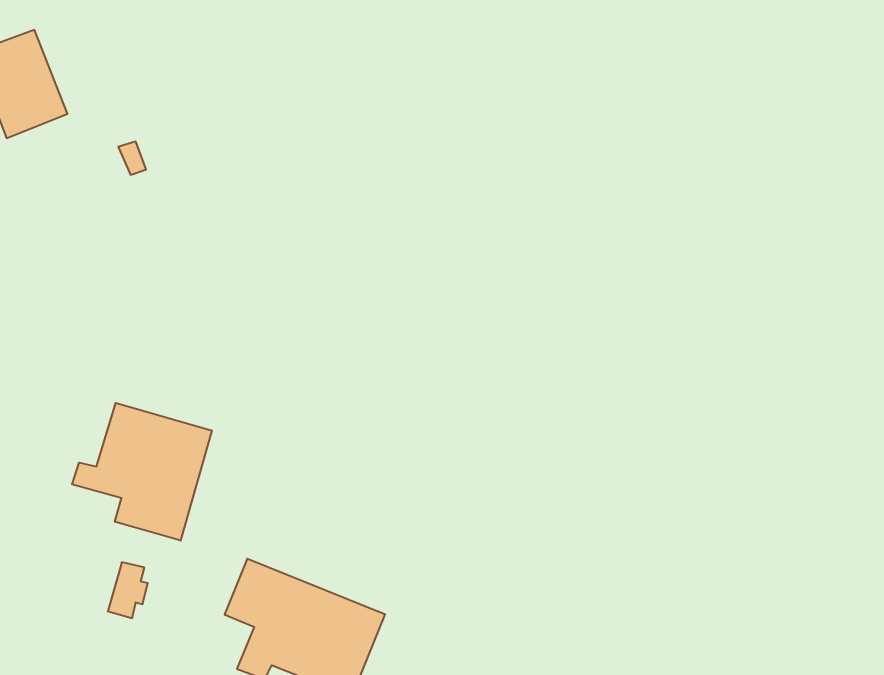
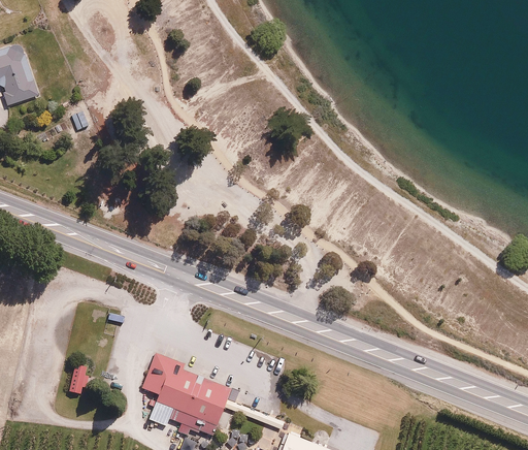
building: [72,403,212,541] -> none

